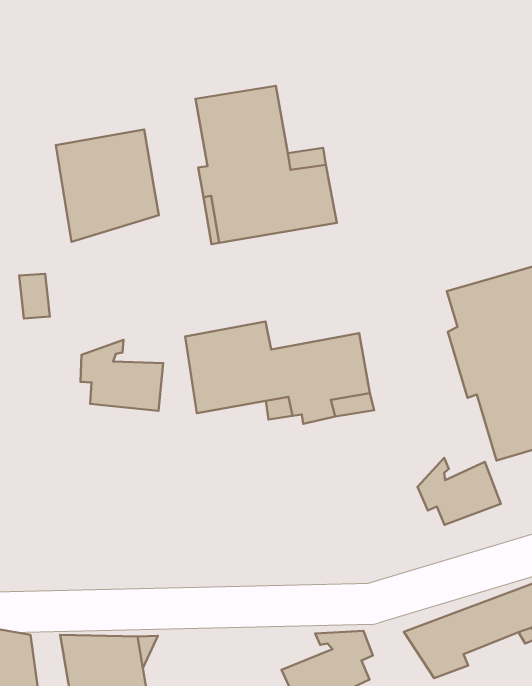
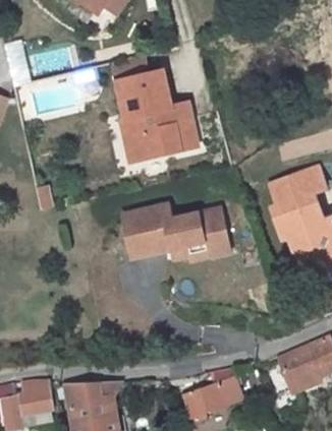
building: [56,129,159,242] -> none
building: [80,340,163,411] -> none
building: [418,458,501,525] -> none

